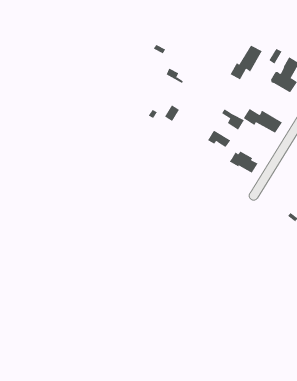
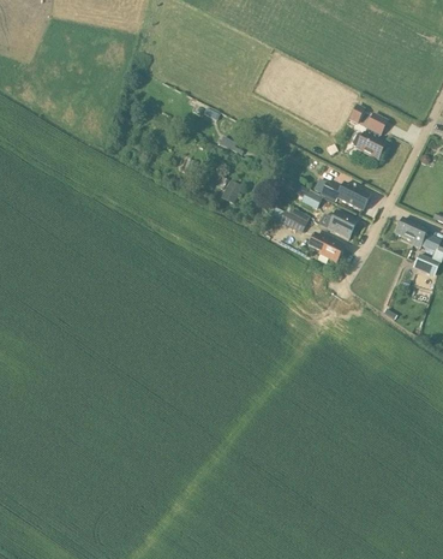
building: [230,45,263,80] -> none
building: none -> [319,209,358,238]

